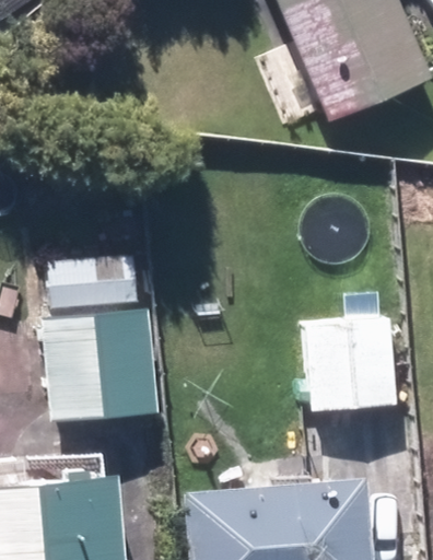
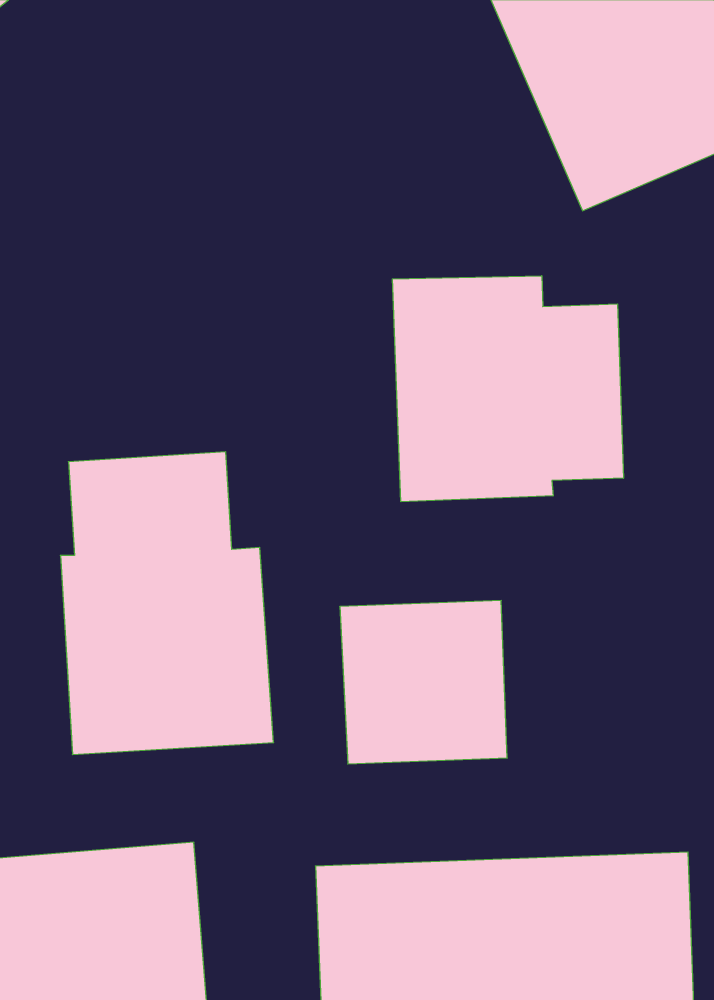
building: none -> [392,276,623,502]
building: [303,317,395,407] -> [340,601,507,764]

